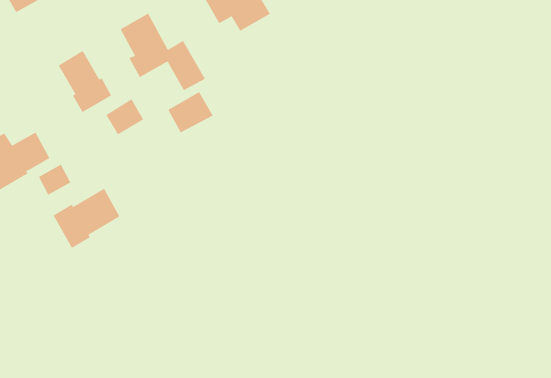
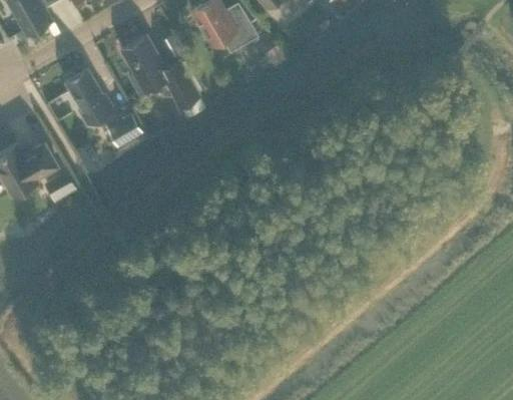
building: [168,91,213,133] -> none
building: [53,188,120,249] -> none

